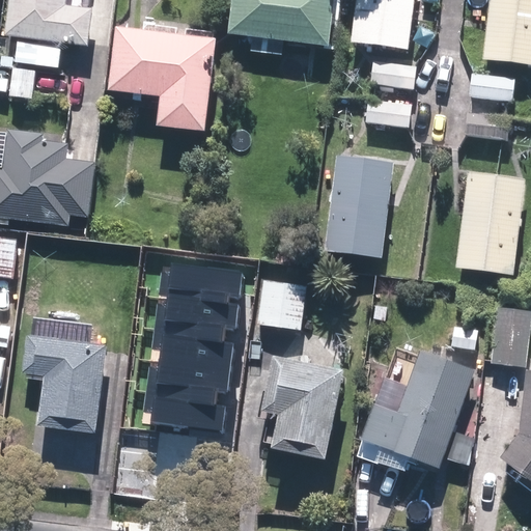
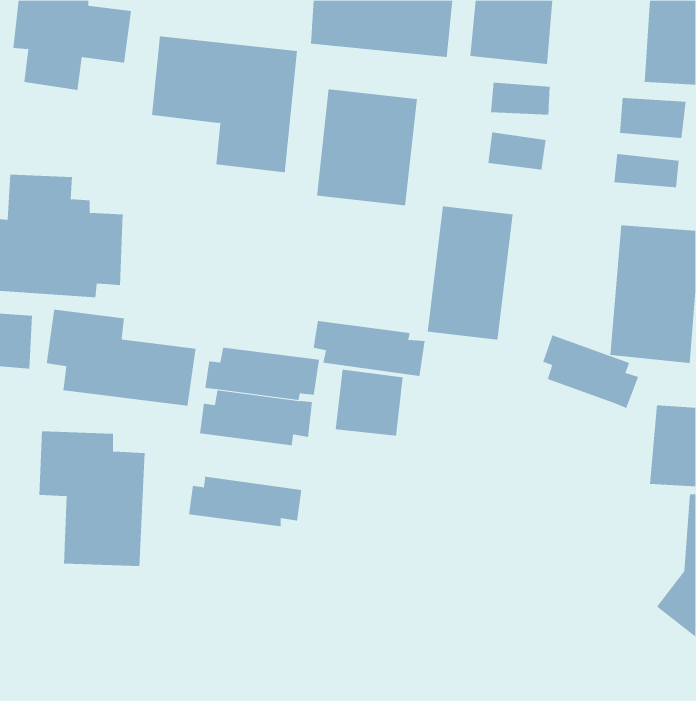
building: none -> [317,89,417,206]
building: none -> [46,309,196,406]
building: none -> [542,335,639,409]
building: [147,328,232,370] -> [313,320,426,377]
building: [354,346,473,469] -> none
building: [258,358,339,459] -> none
building: [139,389,223,434] -> none

